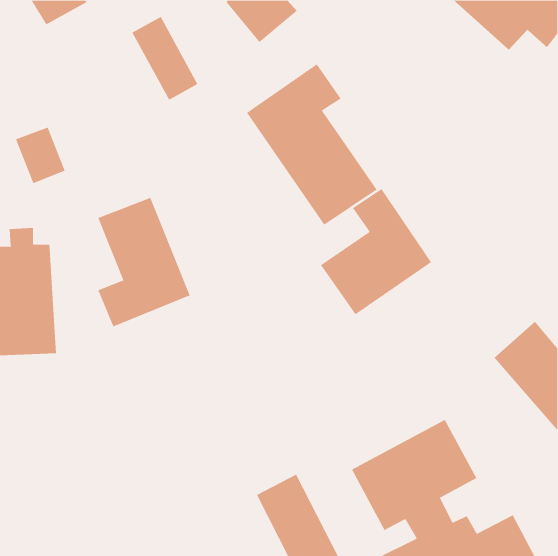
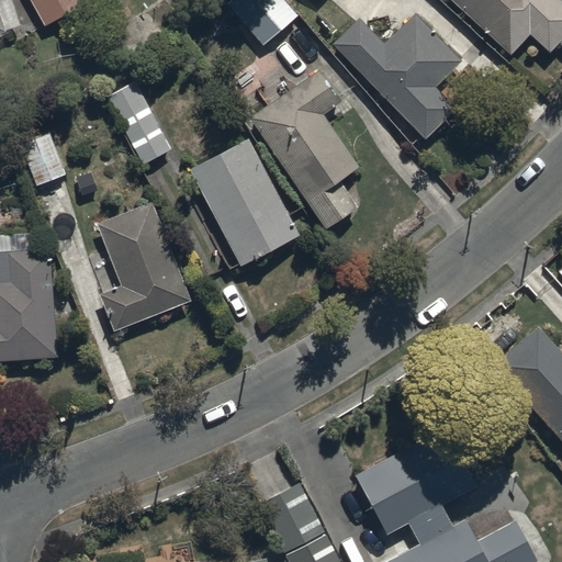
building: none -> [330,12,461,138]
building: [132,16,198,100] -> [104,81,171,166]
building: none -> [189,136,300,266]
building: [320,188,432,315] -> none

